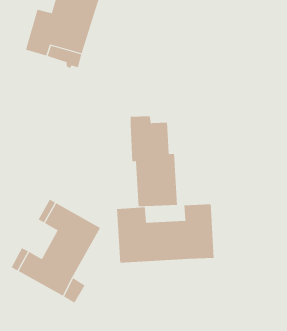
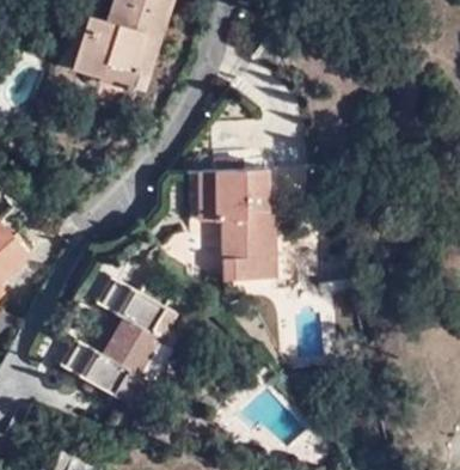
building: none -> [188,172,215,224]
building: [117,203,214,264] -> none

